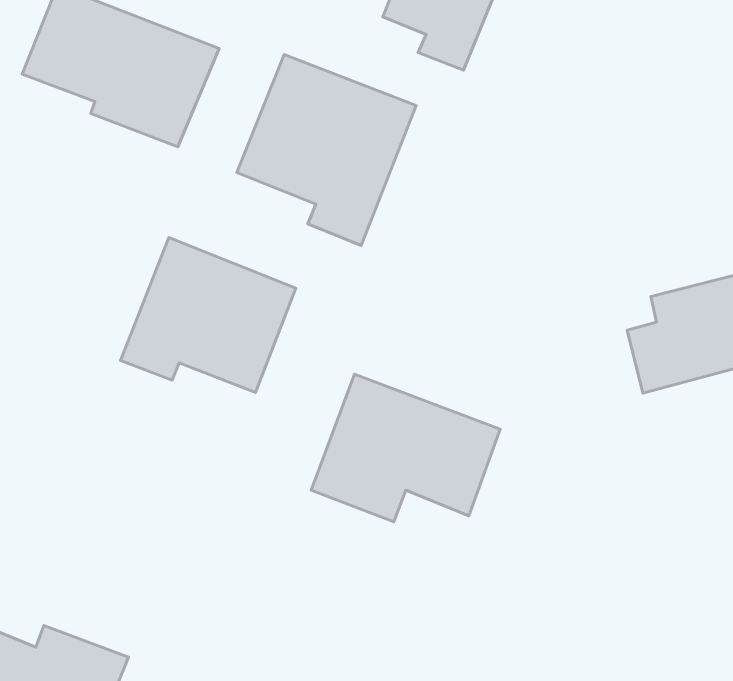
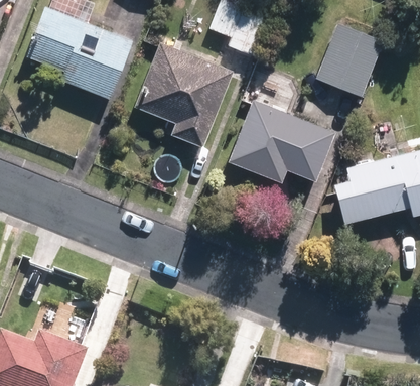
building: none -> [319,24,380,94]
building: [120,237,296,393] -> none
building: [311,374,500,522] -> [231,104,327,179]

